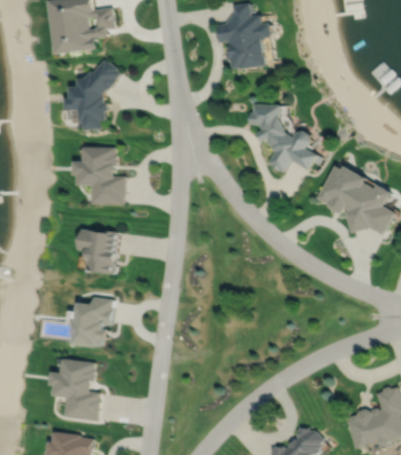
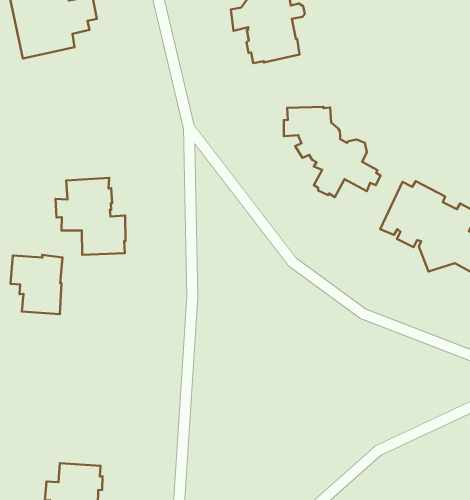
building: [65,59,120,129] -> none
building: [79,228,119,274] -> [11,255,63,314]
building: [74,297,112,347] -> none

